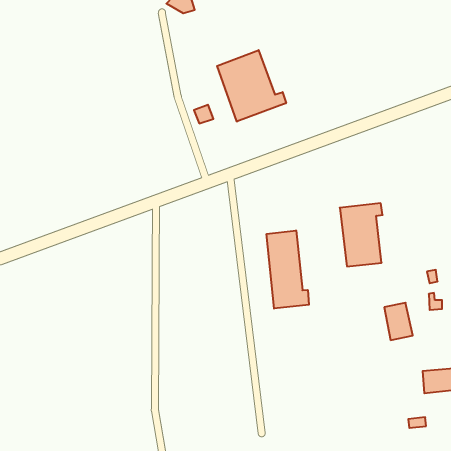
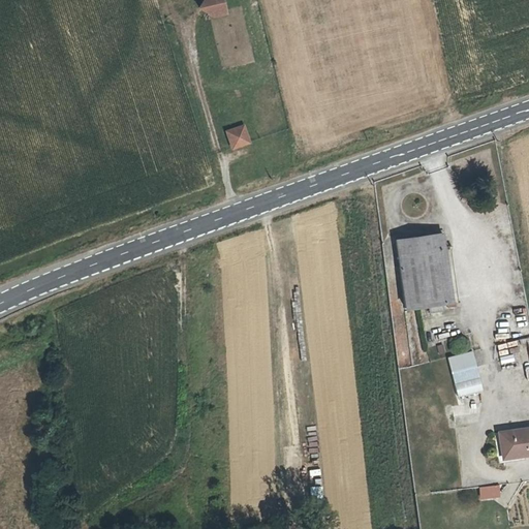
building: [217,50,286,122] -> none
building: [267,230,309,309] -> none

